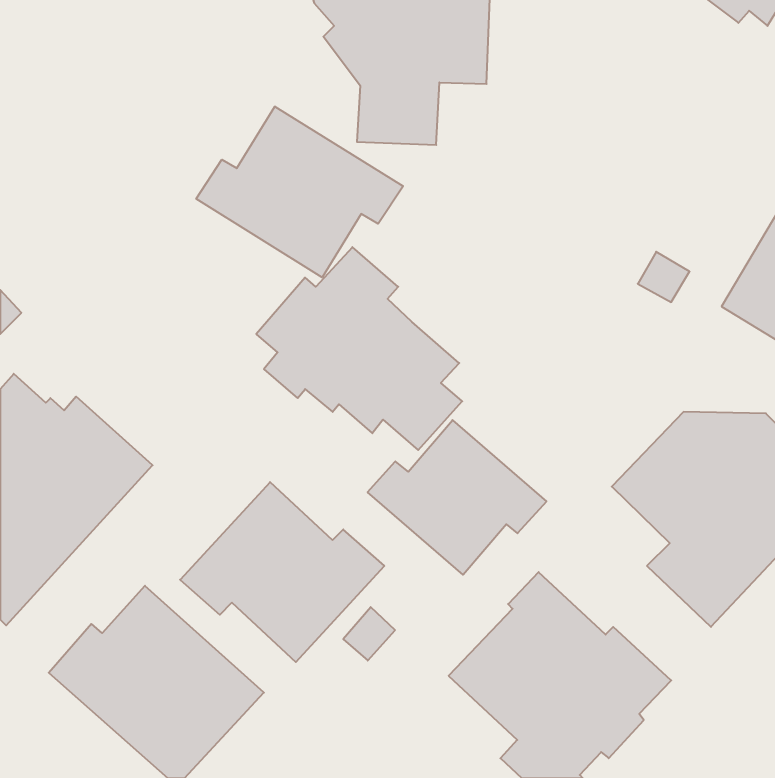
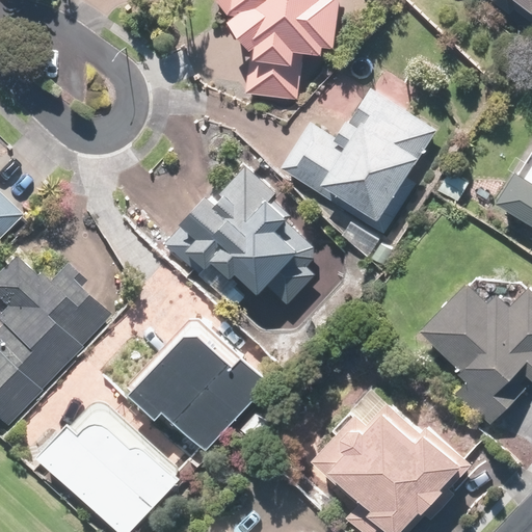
building: [196,106,403,277] -> none
building: none -> [284,86,438,227]
building: [368,420,546,575] -> none

